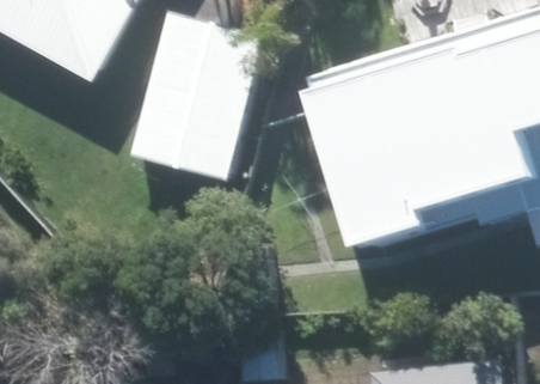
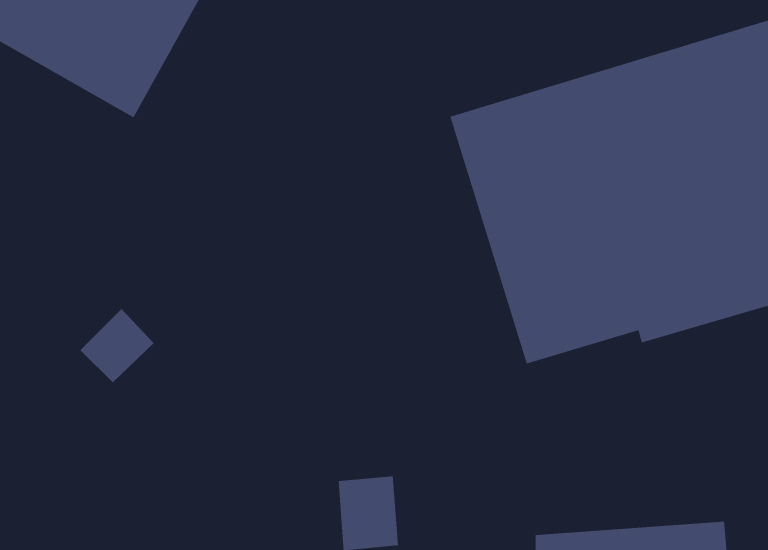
building: [130,11,262,177] -> none

